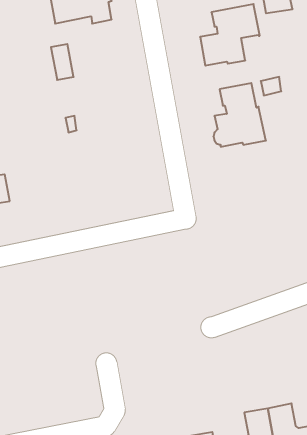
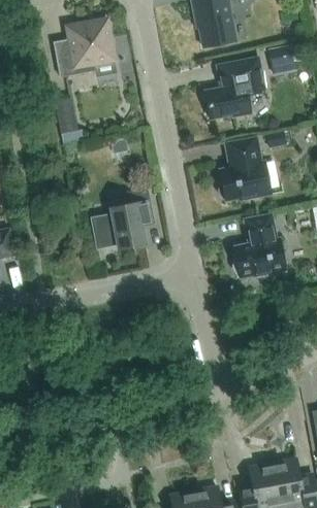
building: none -> [94,188,153,248]
building: none -> [232,213,285,277]

